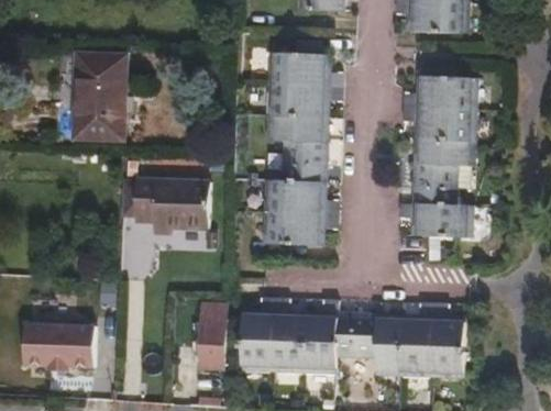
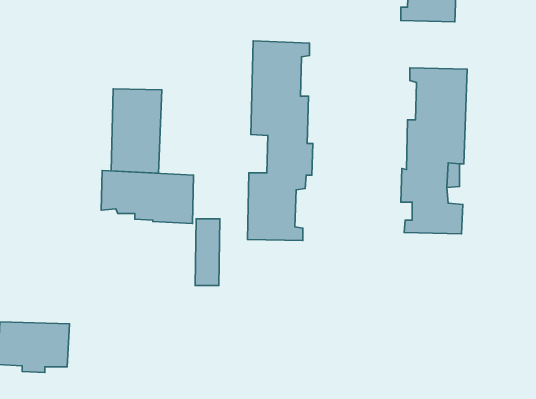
building: [74,54,123,136] -> [111,89,162,173]
building: [200,301,224,366] -> [195,219,220,285]
building: [243,312,466,378] -> none

